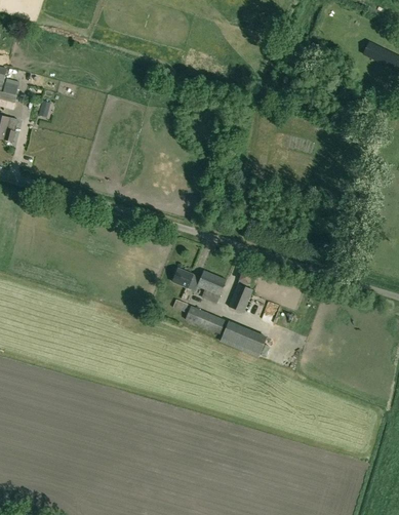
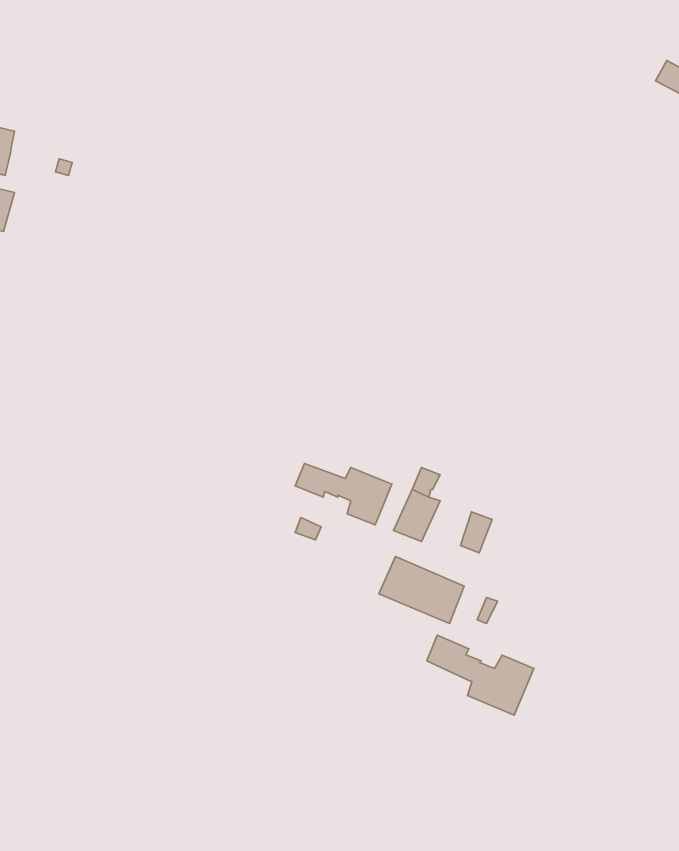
building: [185,306,226,333] -> none
building: none -> [427,635,534,715]

